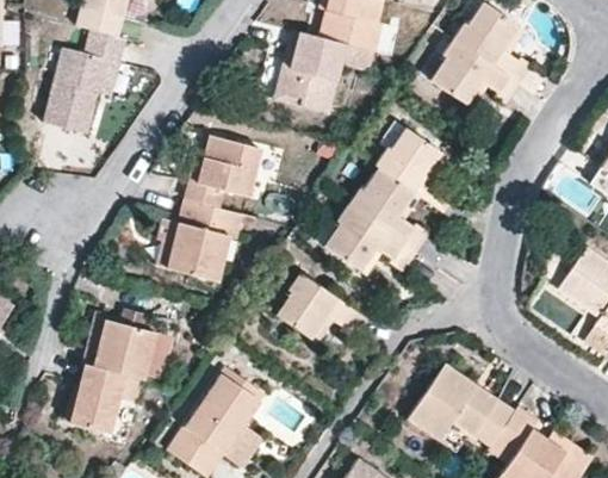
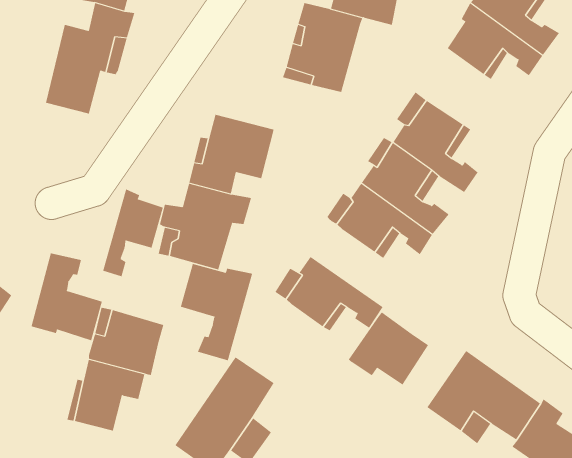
building: none -> [102,188,164,277]
building: none -> [31,253,102,341]
building: none -> [180,263,253,361]
building: none -> [348,311,429,386]

